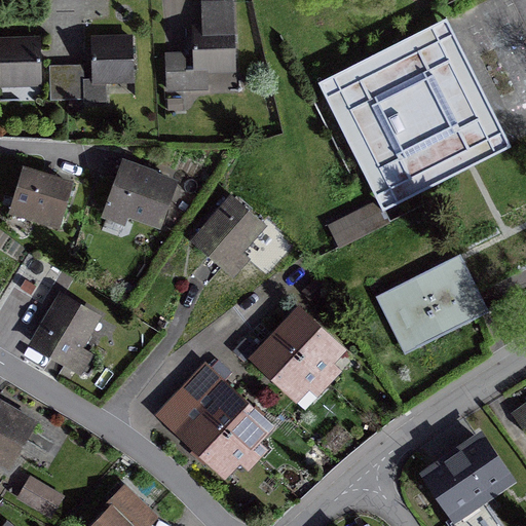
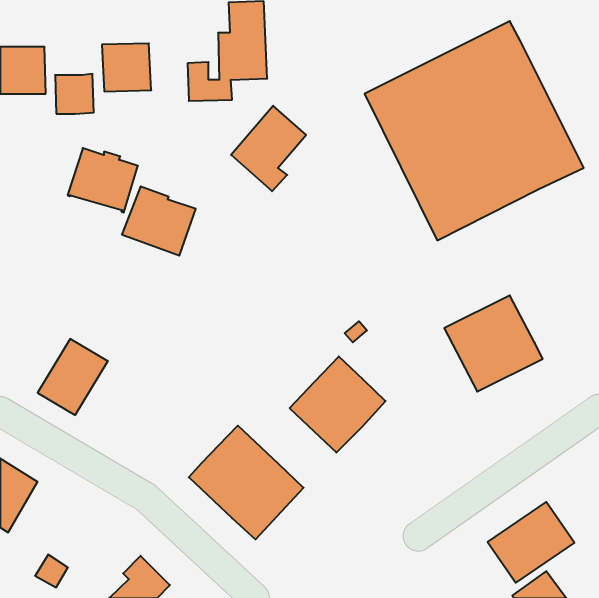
building: [8,171,70,227] -> [68,148,138,213]
building: [194,198,260,273] -> [231,106,306,191]

